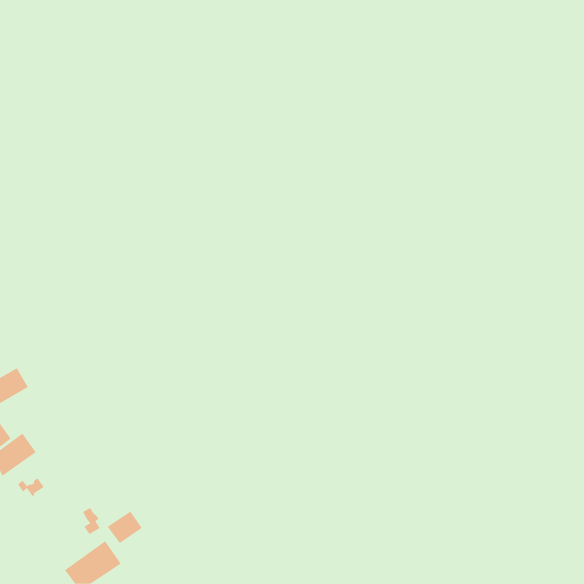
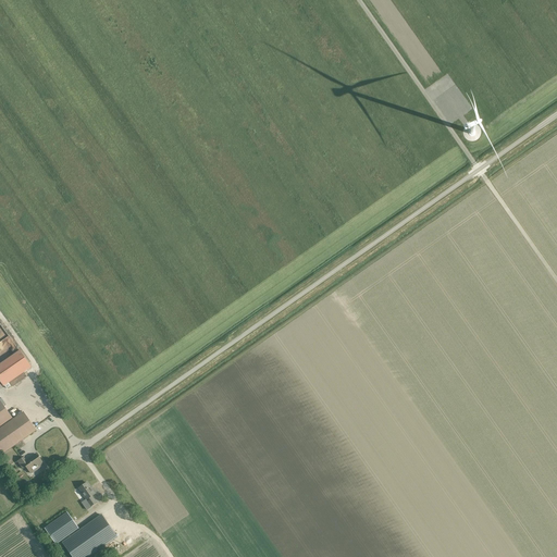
building: [107,511,142,544] -> [44,511,77,543]

